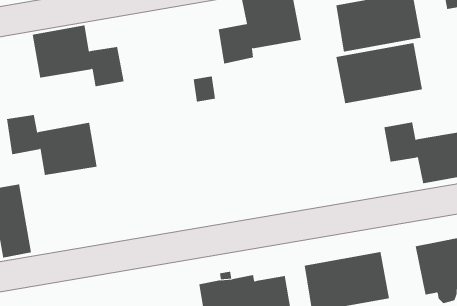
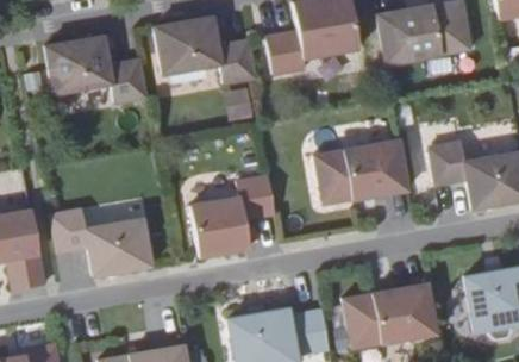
building: none -> [156,15,256,82]
building: [336,43,423,104] -> [314,138,409,205]
building: [6,115,98,176] -> [52,208,152,275]
building: none -> [190,175,276,256]

